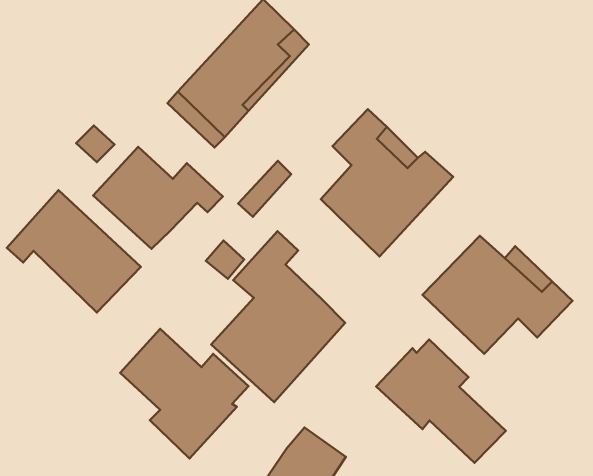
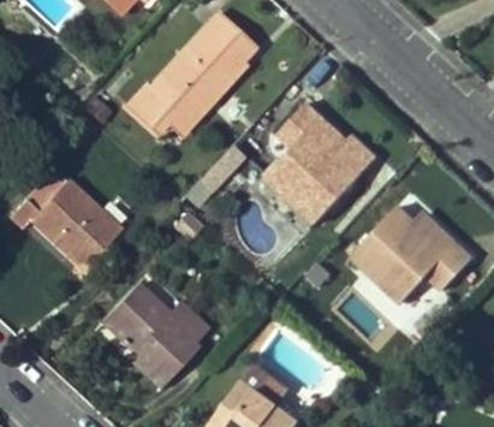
building: [93,147,223,249] -> none
building: [211,231,345,402] -> none
building: [376,340,506,463] -> none

